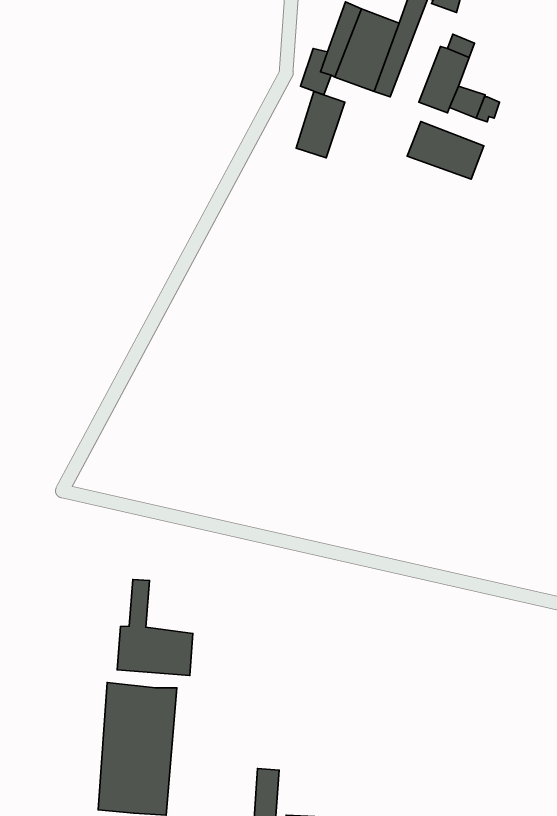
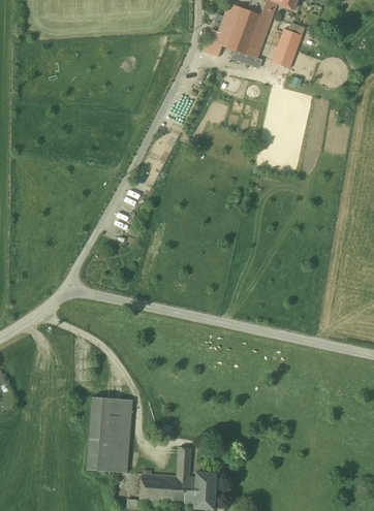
building: [296,92,345,158] -> none
building: [407,121,484,179] -> none
building: [117,579,193,675] -> none

